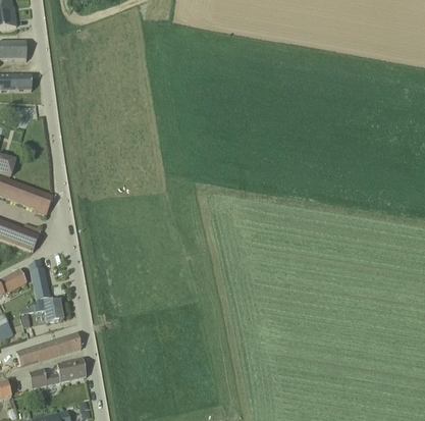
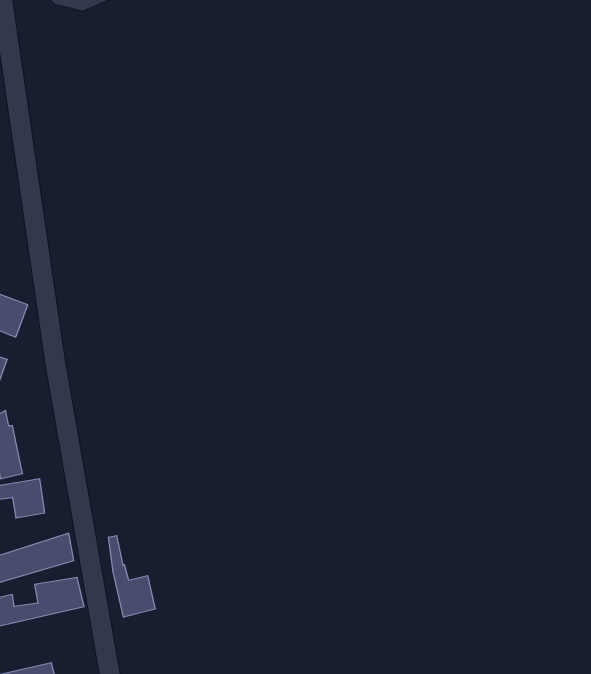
building: none -> [109,535,155,617]

